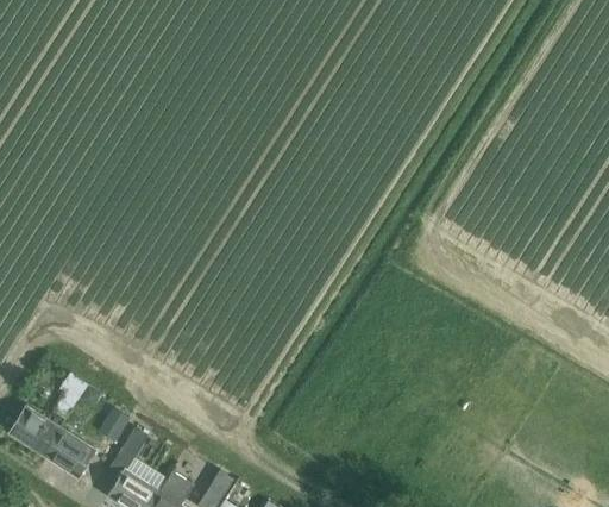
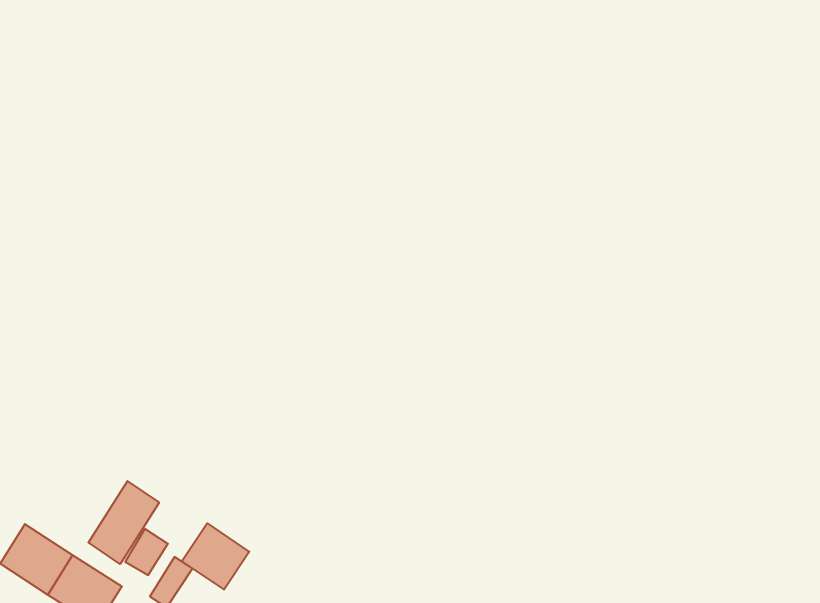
building: none -> [88,481,159,564]
building: none -> [182,523,249,590]

